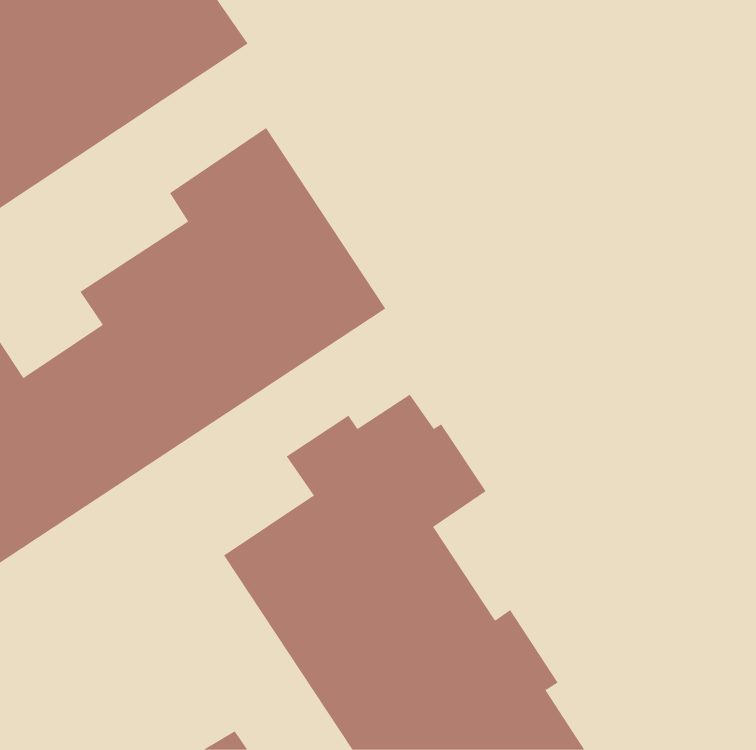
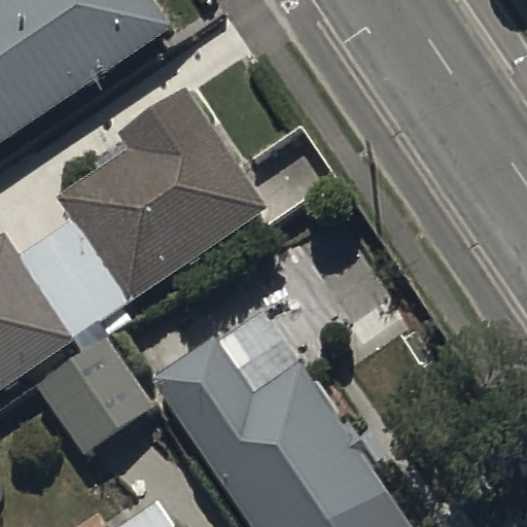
building: none -> [33,324,153,455]

